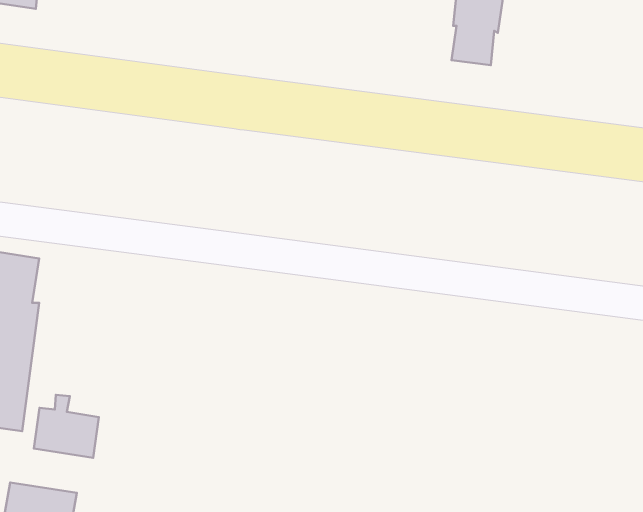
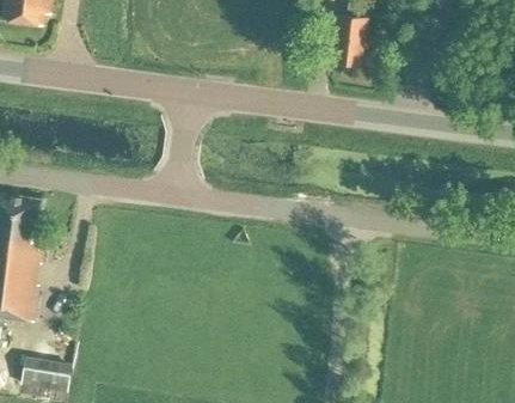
building: [34,395,99,458] -> none

